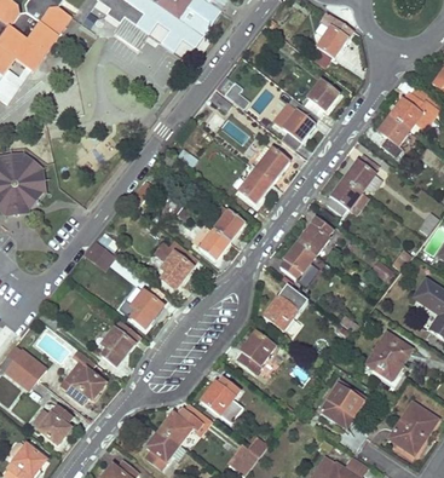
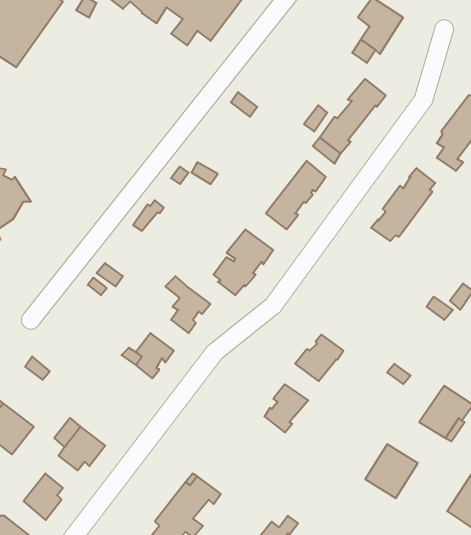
building: [281,218,331,277] -> none
building: [102,319,140,365] -> none
building: [202,375,240,413] -> none

